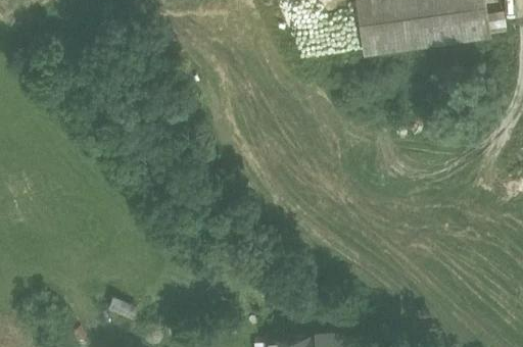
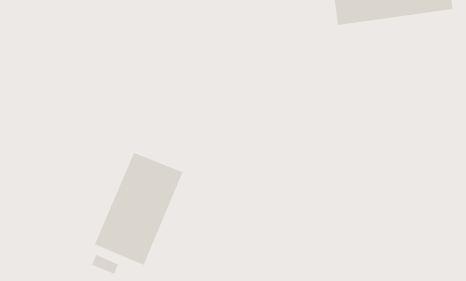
building: none -> [94,152,183,266]

